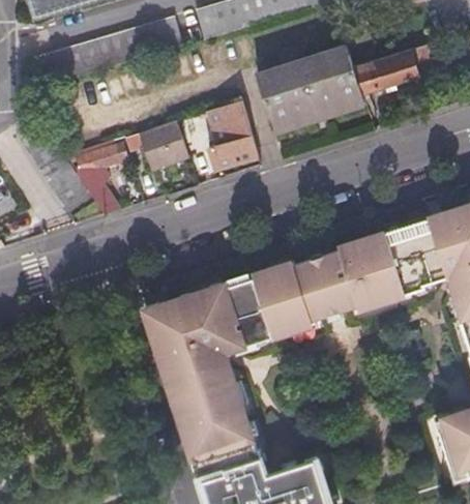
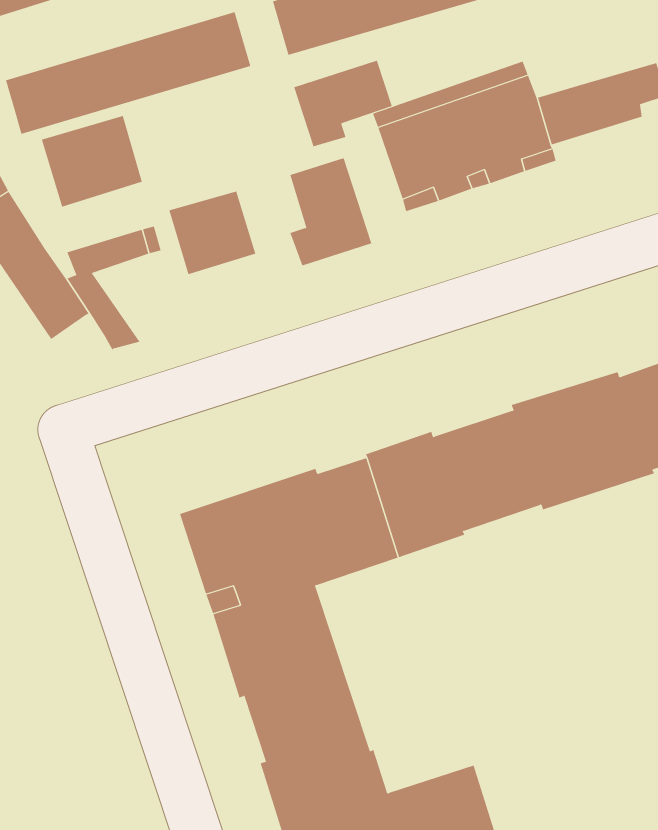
building: none -> [294,60,392,147]
building: none -> [41,115,143,207]

